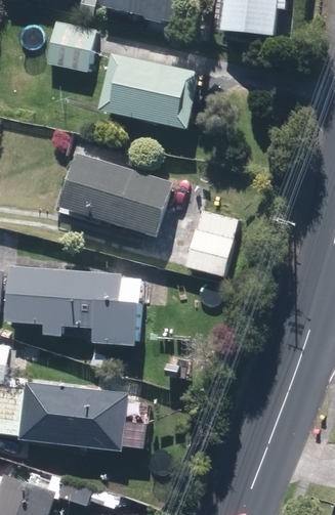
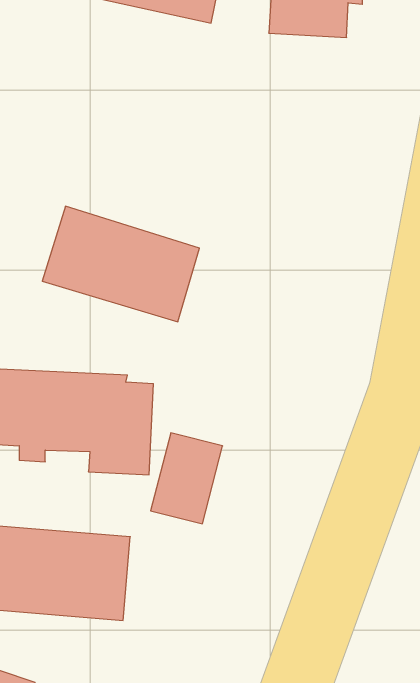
building: [47,22,94,71] -> none
building: [101,57,199,127] -> none
building: [185,211,237,275] -> [151,433,223,524]

